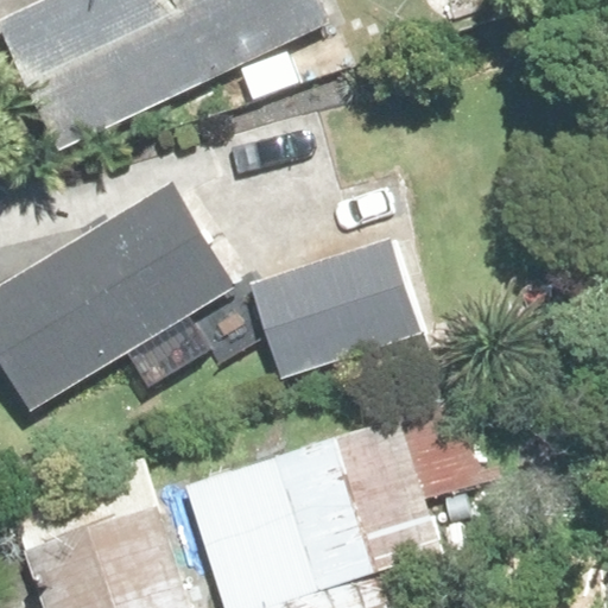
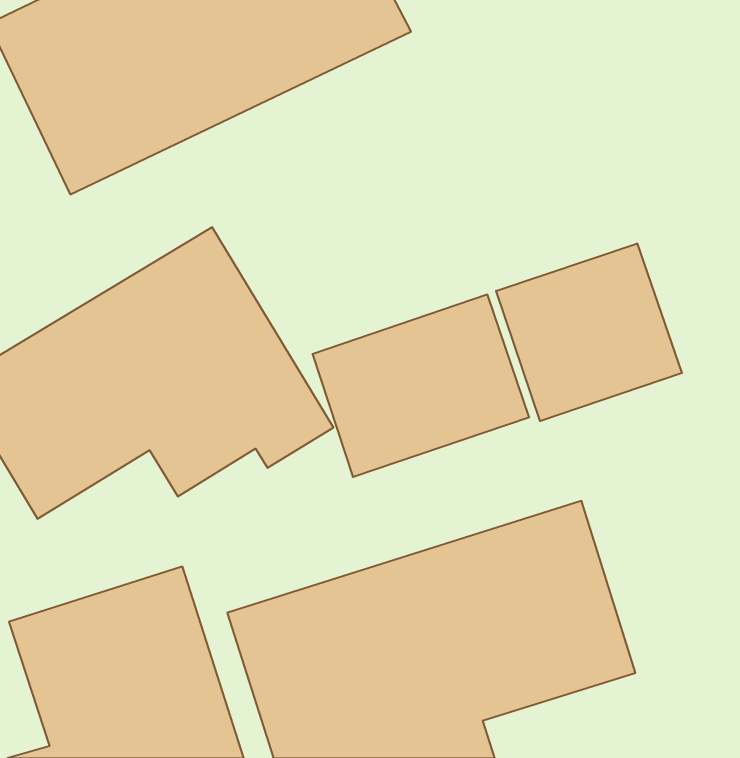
building: none -> [496,243,682,421]

